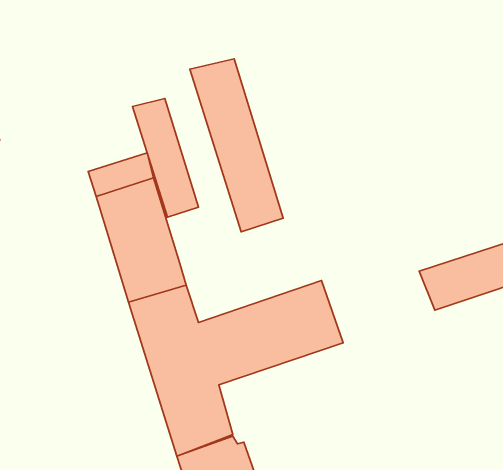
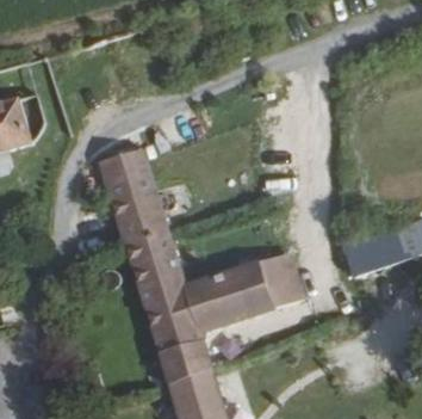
building: [190,59,283,232] -> none
building: [133,99,198,217] -> none

